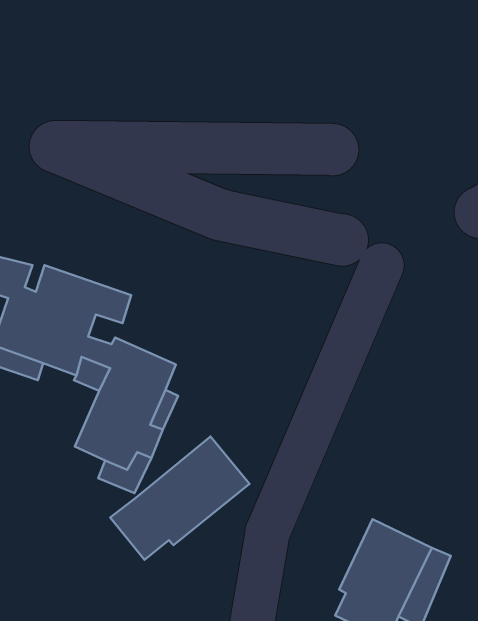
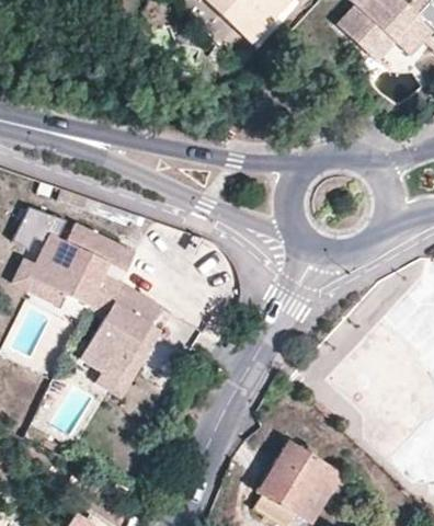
building: [110,436,250,560] -> none

